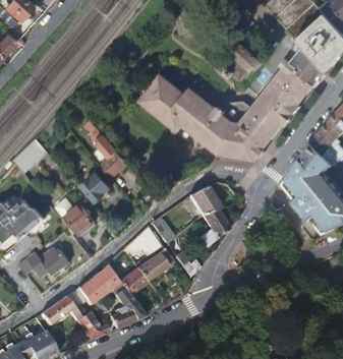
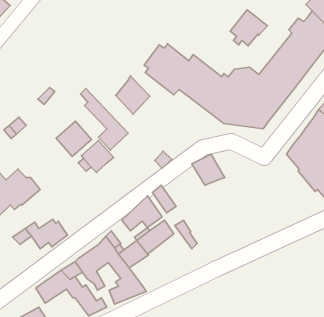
building: none -> [116,76,150,114]
building: [64,200,98,234] -> [56,121,91,156]
building: [196,207,229,245] -> none

